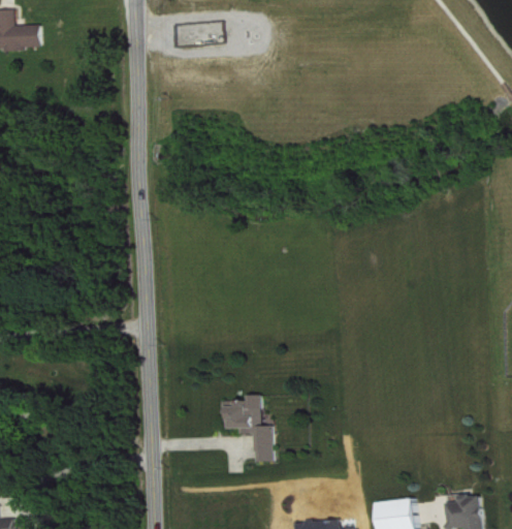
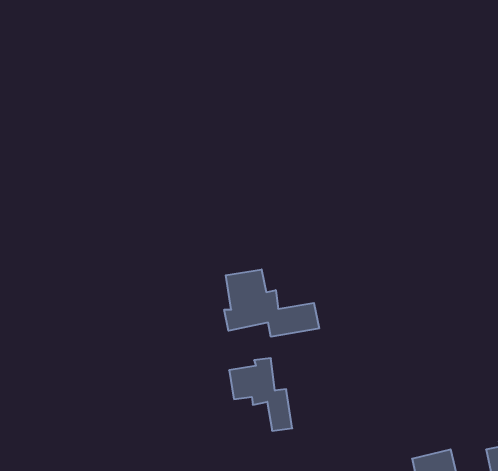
building: none -> [224,269,319,337]

